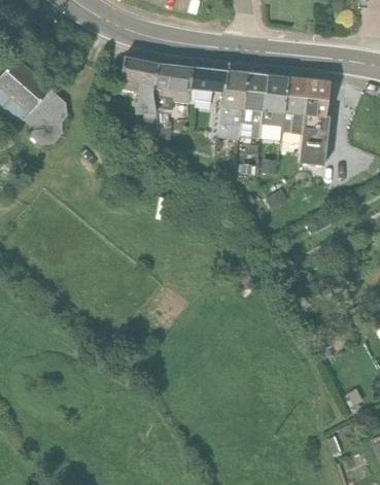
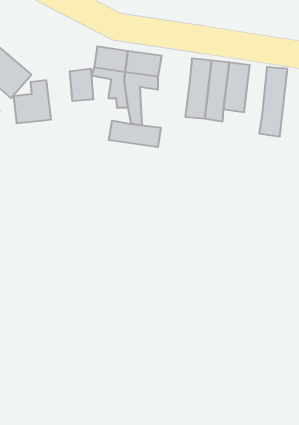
building: [186,66,223,93] -> none
building: [281,76,306,130] -> none
building: none -> [70,69,93,101]
building: none -> [109,121,161,147]

